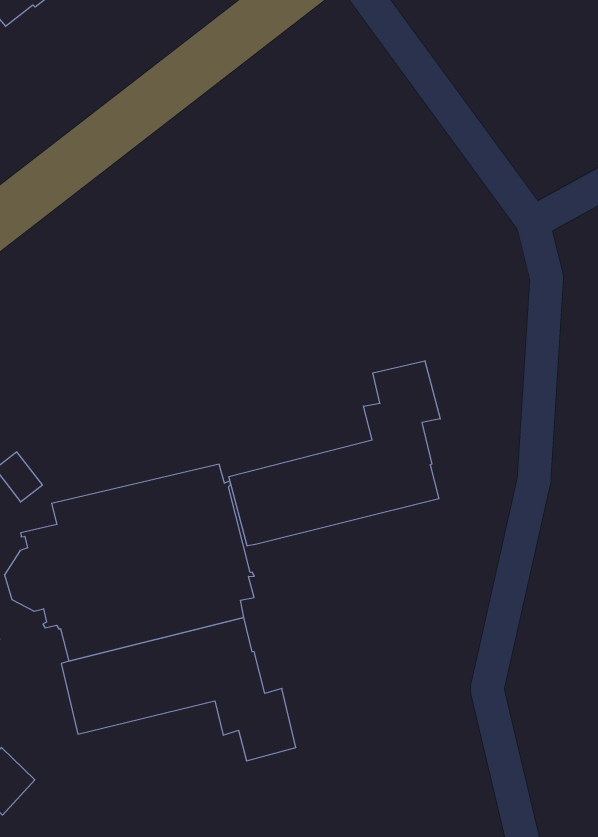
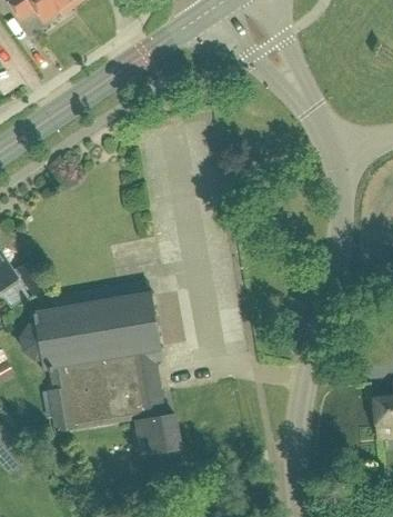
building: [229,361,440,546] -> none

